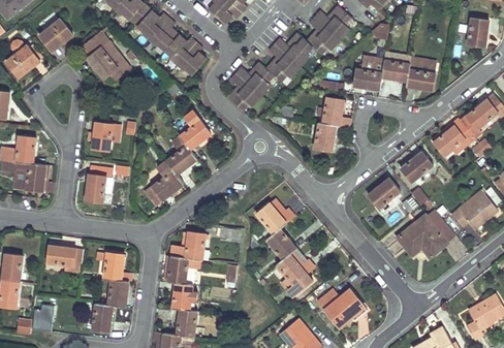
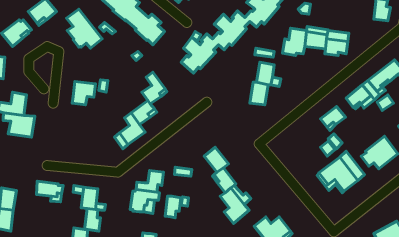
building: [85,164,113,201] -> none
building: [368,178,399,208] -> none
building: [172,283,192,310] -> [165,196,181,218]

